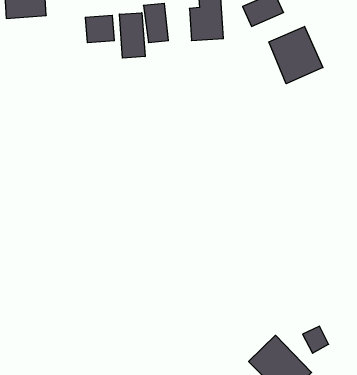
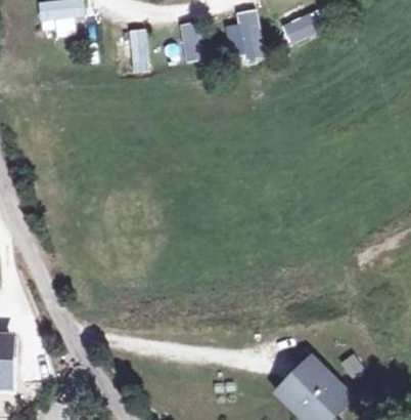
building: [119,13,145,58] -> none
building: [269,26,323,84] -> none

